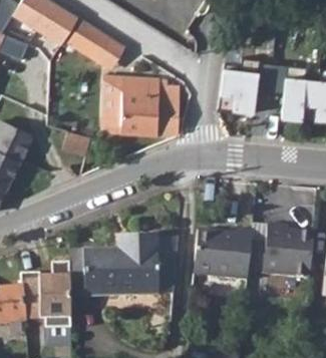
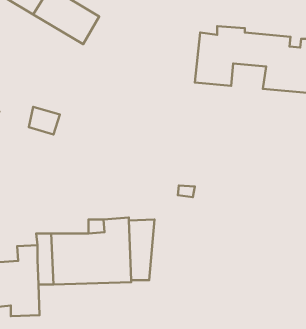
building: [103,77,179,135] -> none
building: [262,224,313,278] -> none
building: [192,227,251,278] -> none

